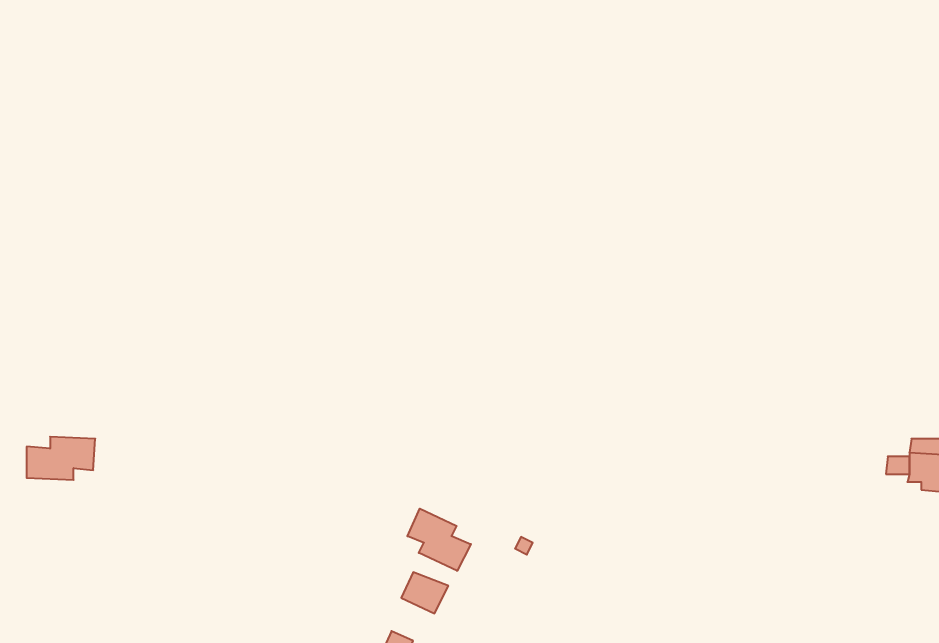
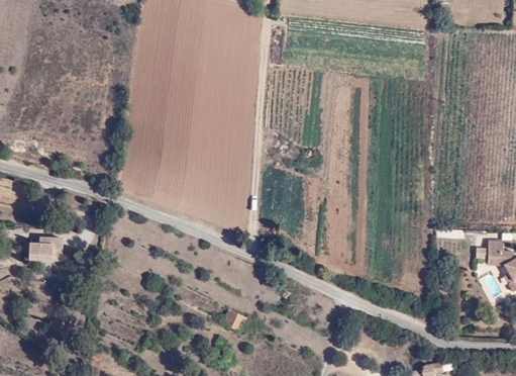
building: [407,509,471,571] -> none

